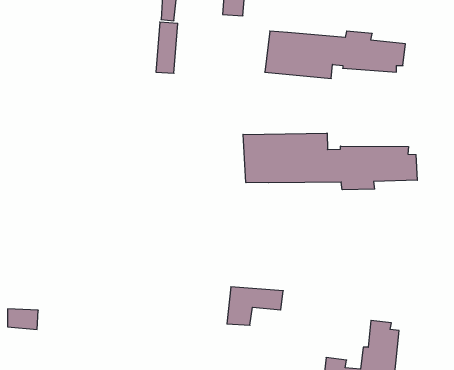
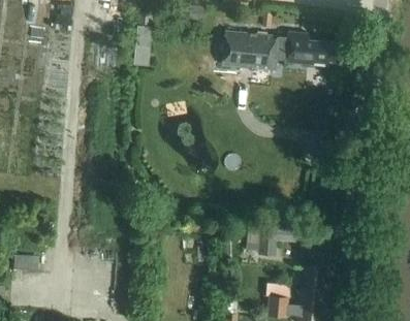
building: [243,133,417,190] -> none
building: [227,287,283,325] -> [256,224,302,255]

